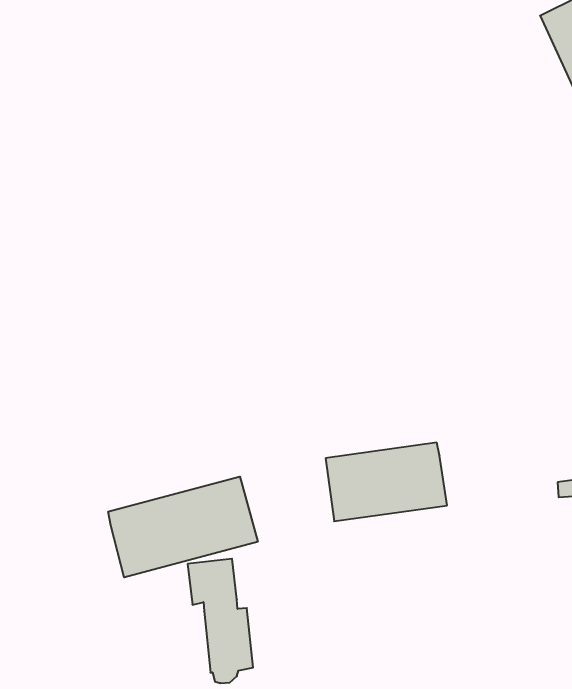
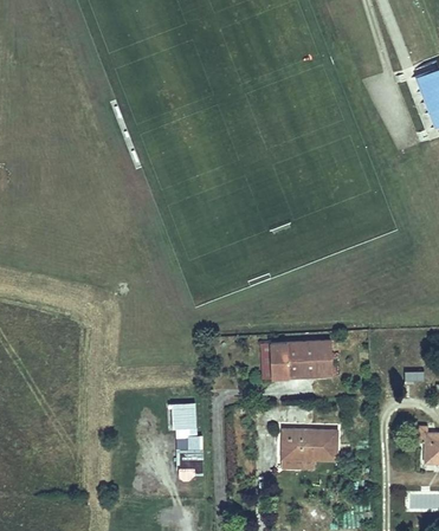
building: [108,477,258,577] -> none
building: none -> [280,428,337,461]

